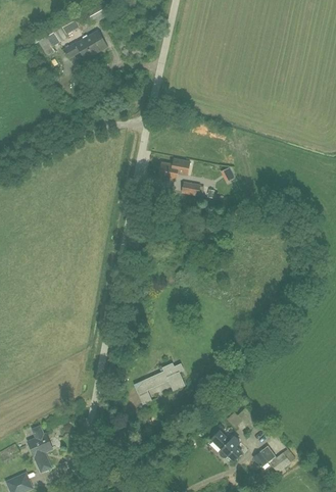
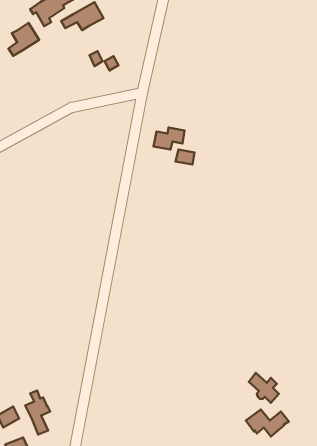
building: none -> [8,23,39,56]
building: [133,361,185,403] -> none
building: [210,430,241,460] -> [249,373,279,403]

